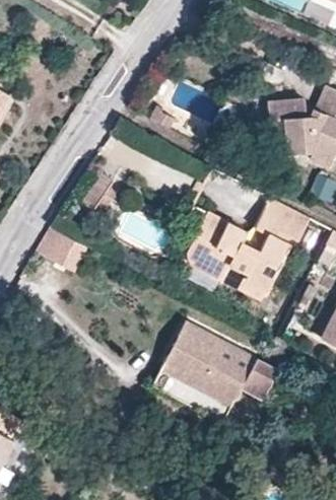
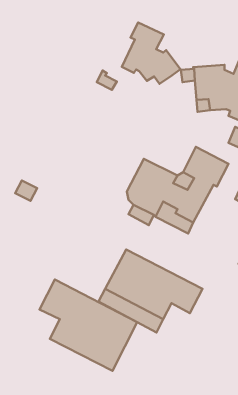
building: none -> [122,23,181,84]
building: none -> [40,280,137,371]

